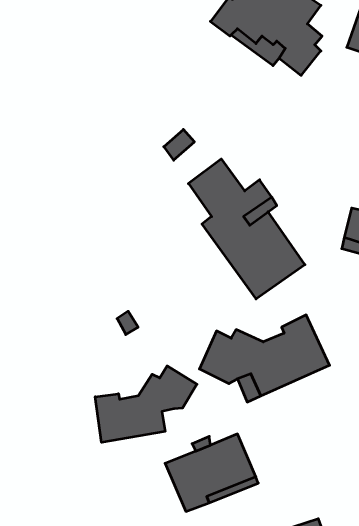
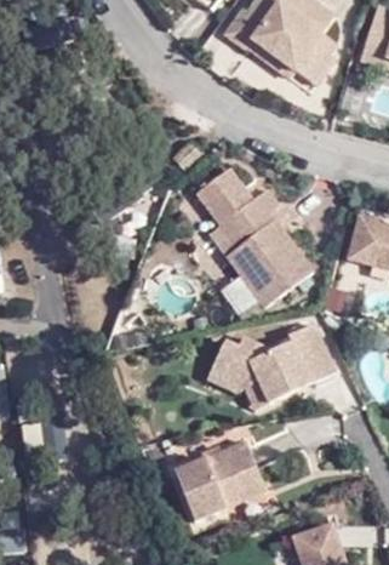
building: [95,366,197,442] -> none

